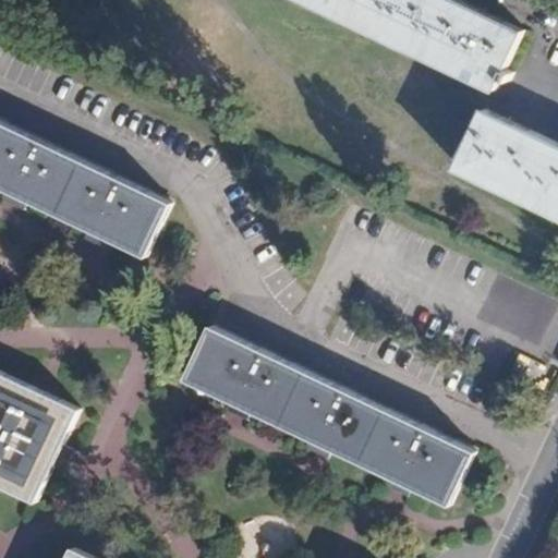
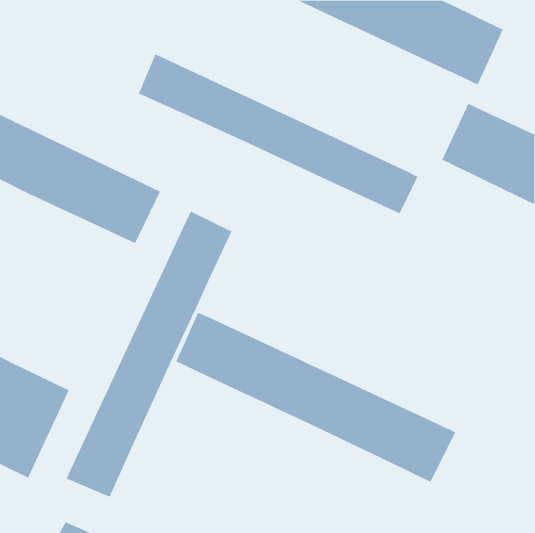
building: none -> [138,53,418,214]
building: none -> [66,211,232,497]

